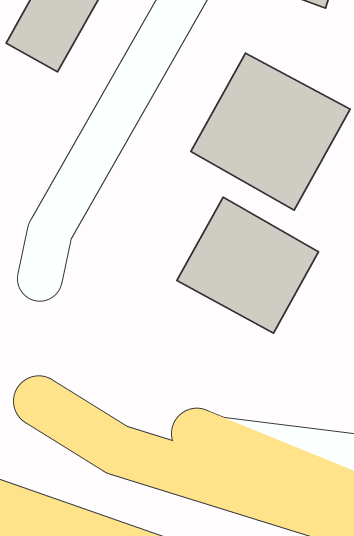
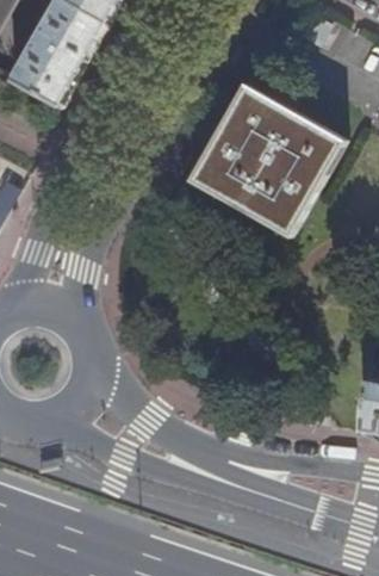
building: [177,197,318,333] -> none

